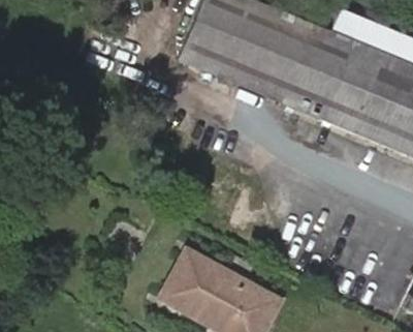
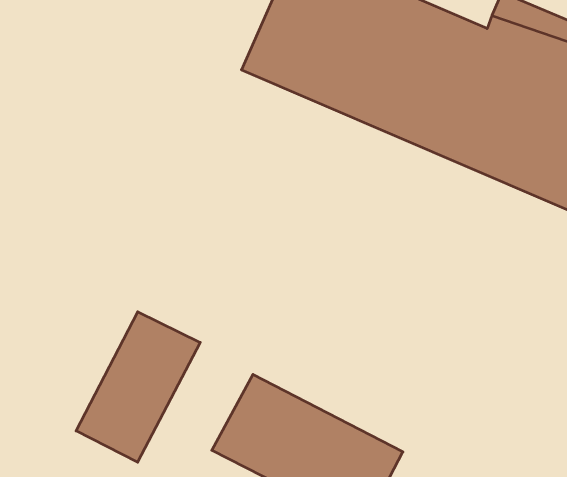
building: none -> [76,312,200,462]

